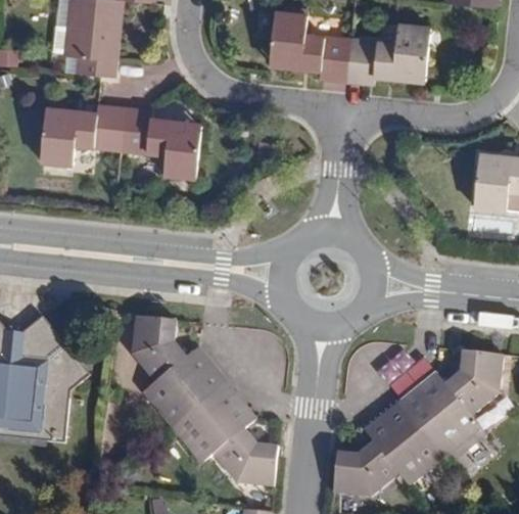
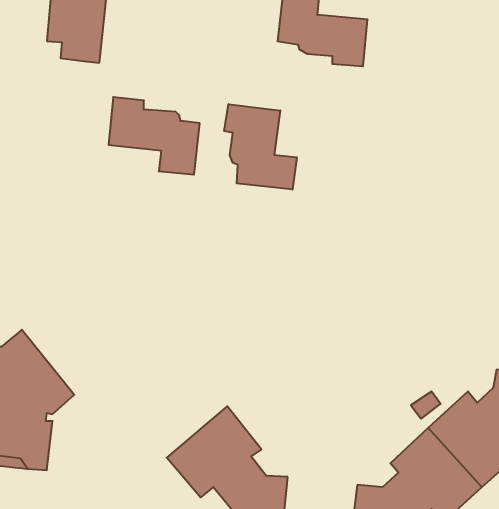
building: [345,24,429,82] -> none
building: [39,104,122,163] -> none
building: none -> [224,104,297,190]
building: [129,316,224,429] -> none

